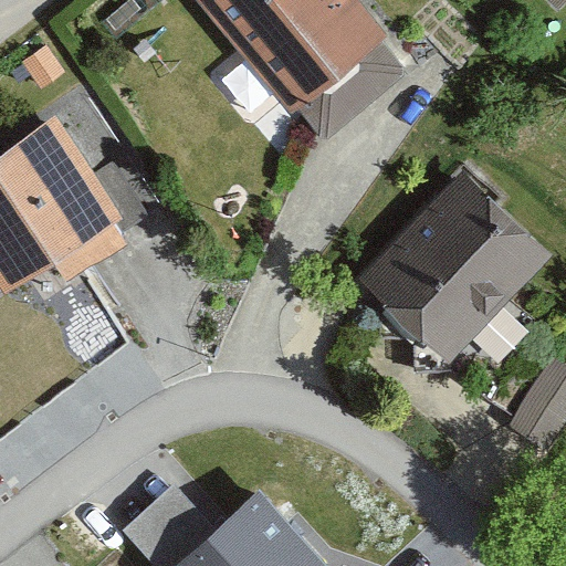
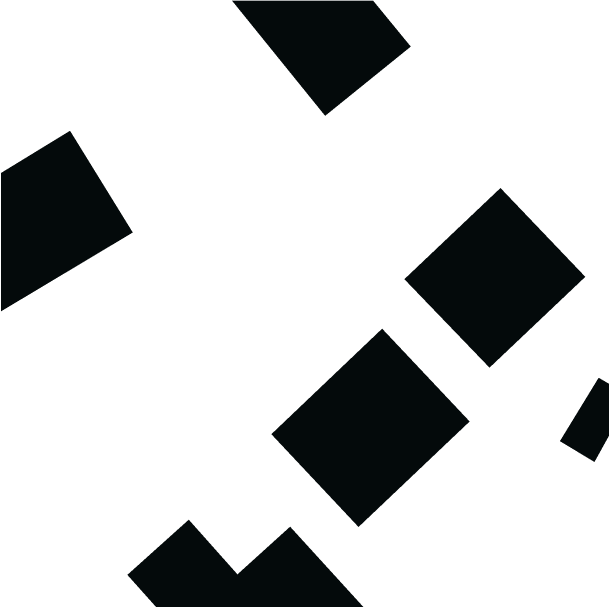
building: none -> [270,328,470,528]

